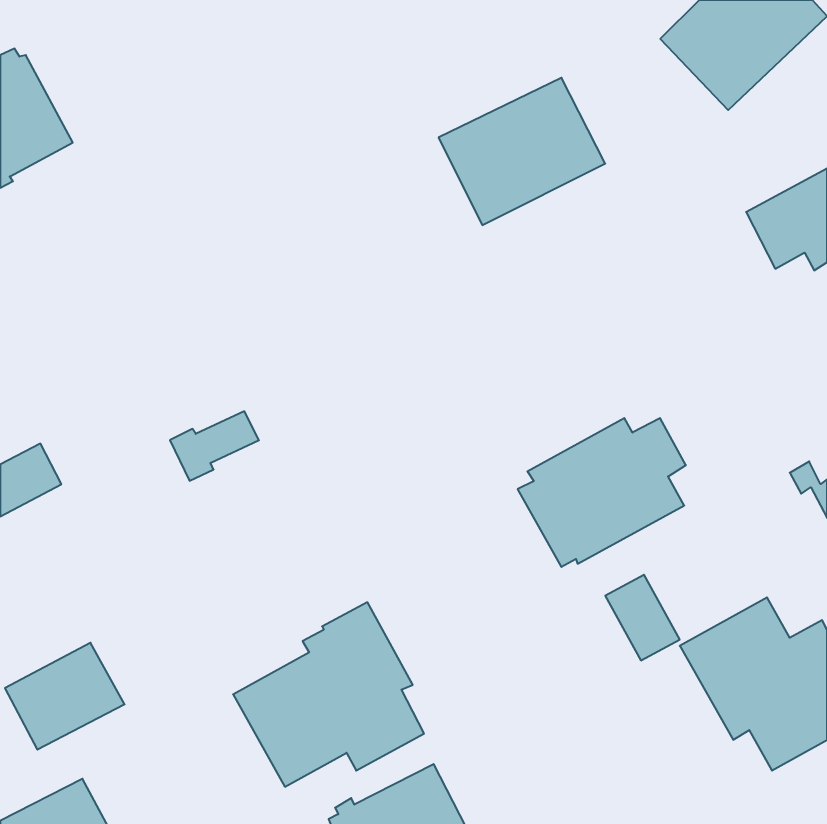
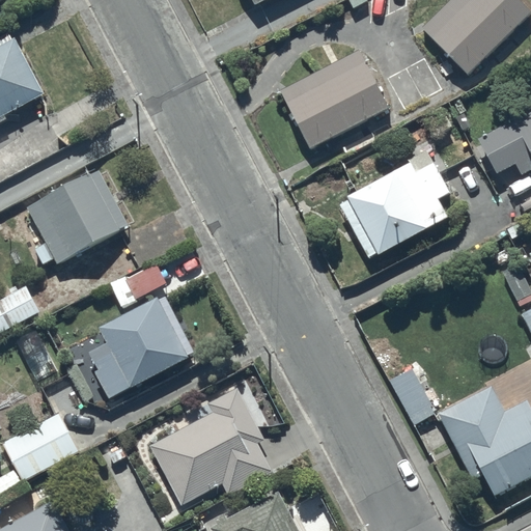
building: none -> [28,177,127,270]
building: [518,418,686,567] -> [340,162,448,257]
building: none -> [88,297,195,398]

